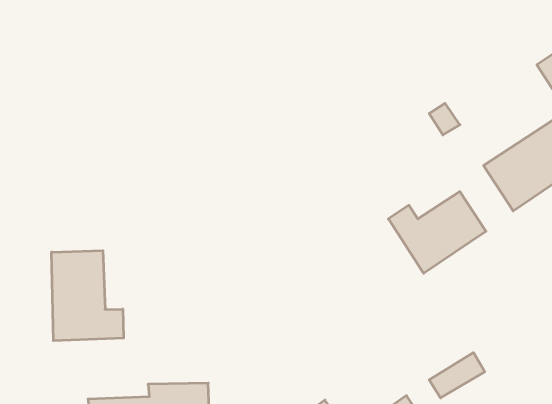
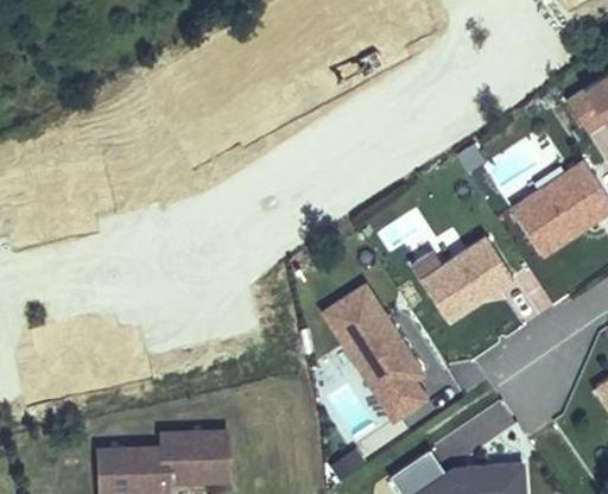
building: none -> [324,286,428,422]
building: [52,251,124,341] -> none

